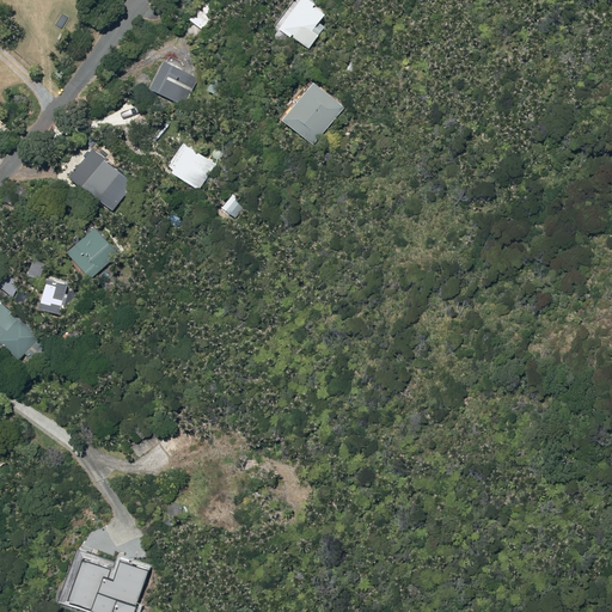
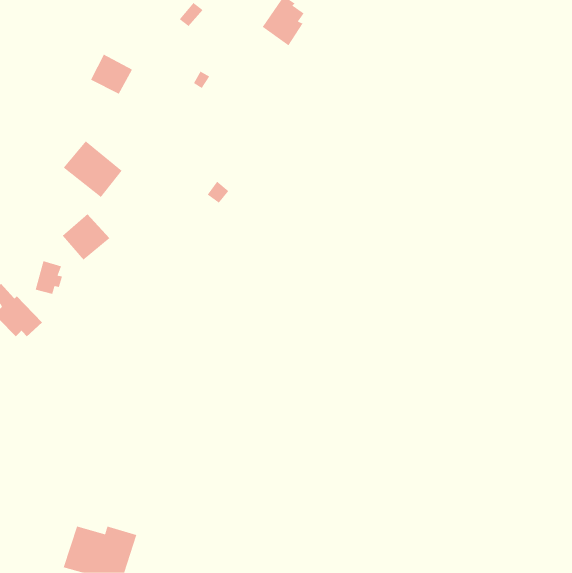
building: [148,62,194,105] -> [90,54,133,94]
building: [282,82,342,145] -> none
building: [171,146,214,189] -> none

